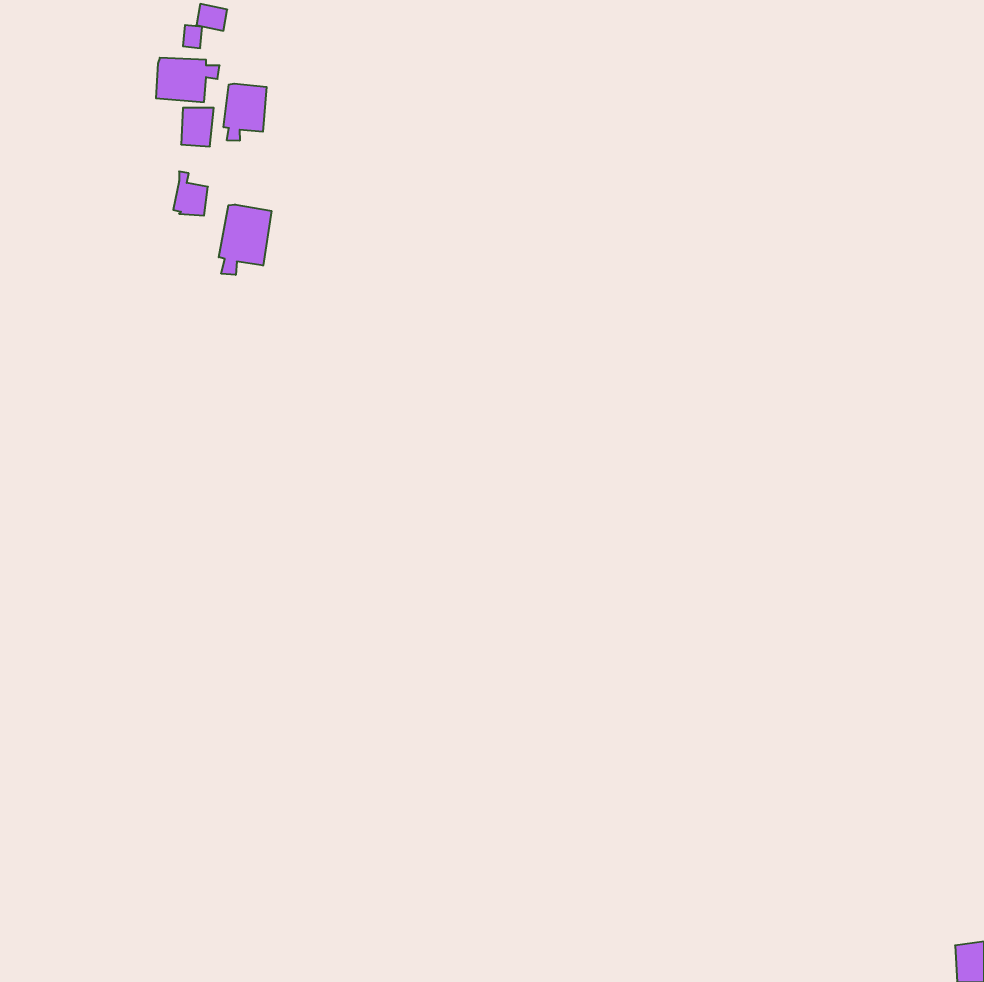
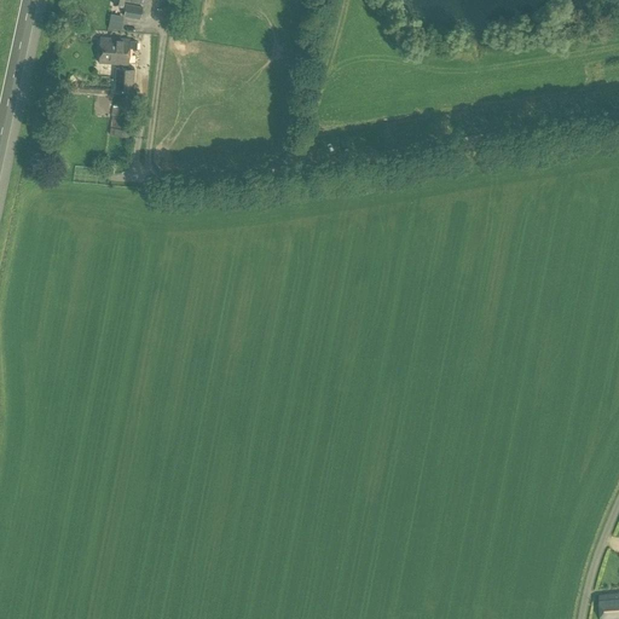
building: [224,84,267,141] -> none
building: [219,204,271,275] -> none

